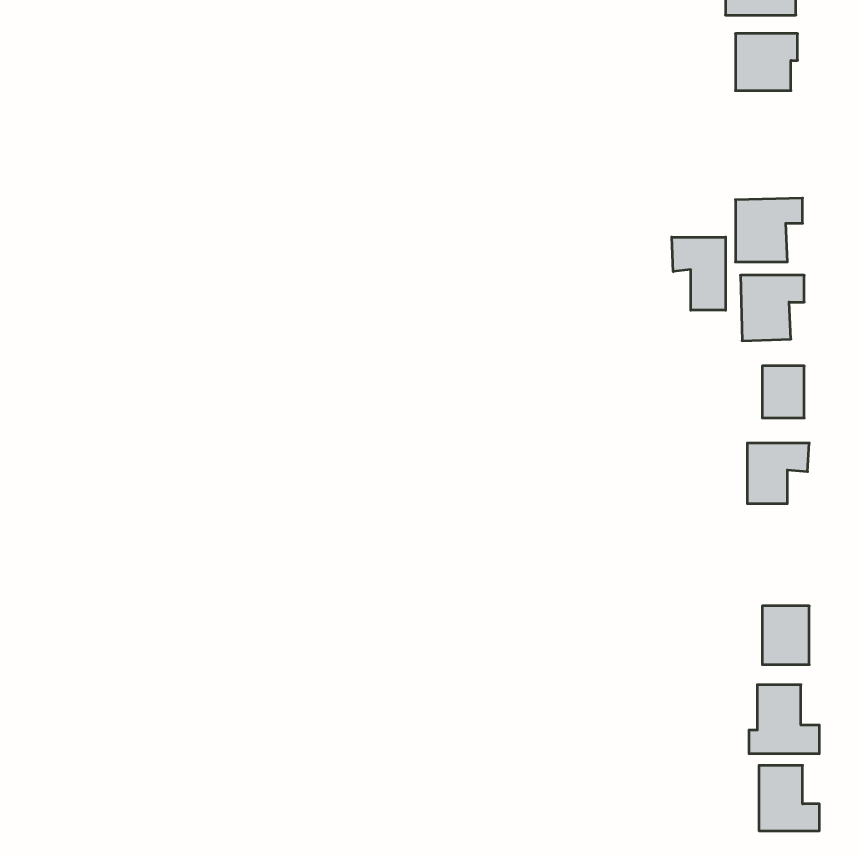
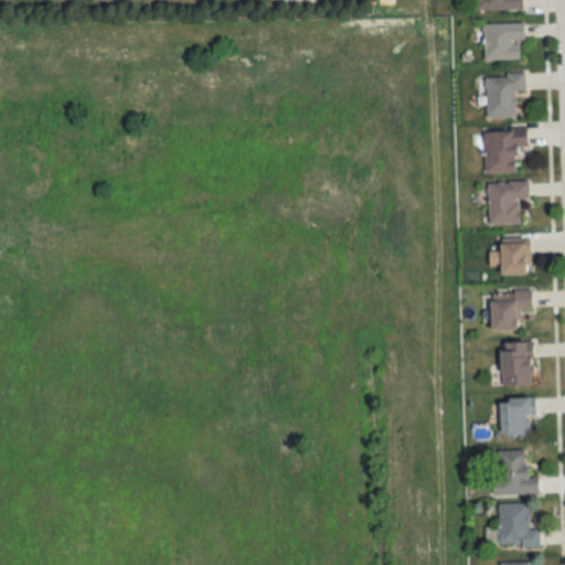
building: none -> [486,73,525,117]
building: [672,237,726,310] -> none
building: none -> [501,342,532,386]

